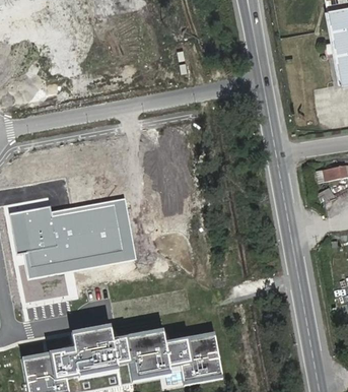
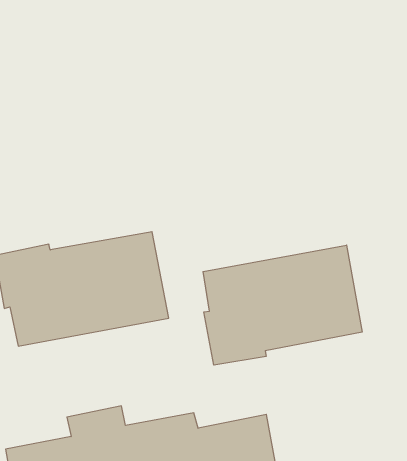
building: none -> [203,245,362,365]

